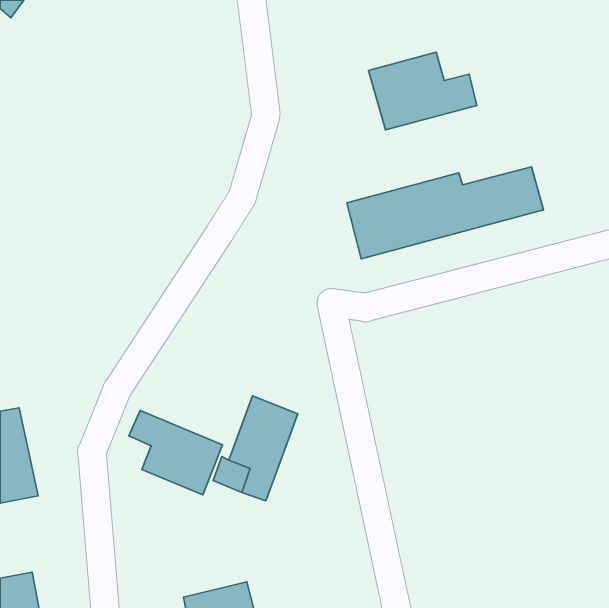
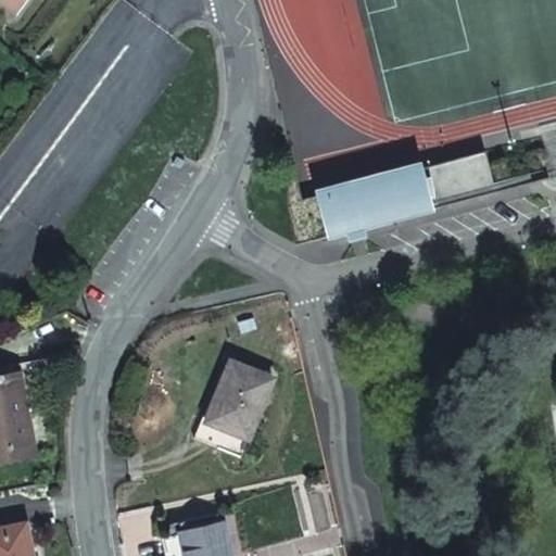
building: [369,52,477,130] -> none
building: [129,410,223,495] -> none

